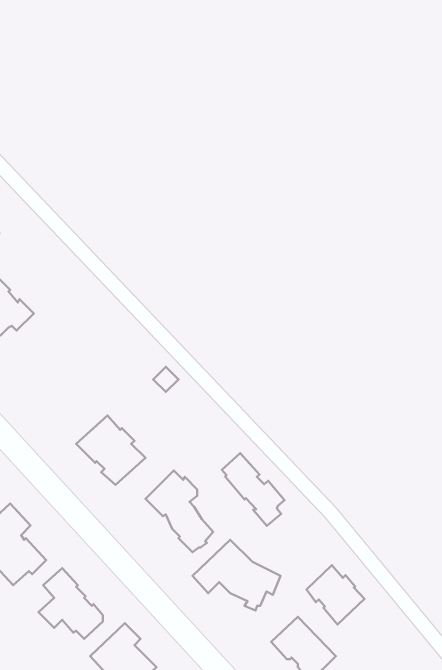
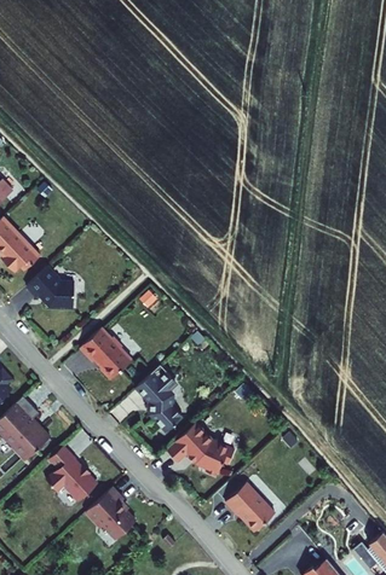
building: none -> [23,267,71,312]
building: [222,453,284,526] -> none
building: [307,565,365,624] -> none

